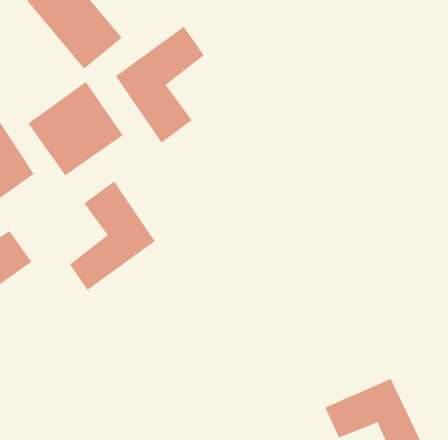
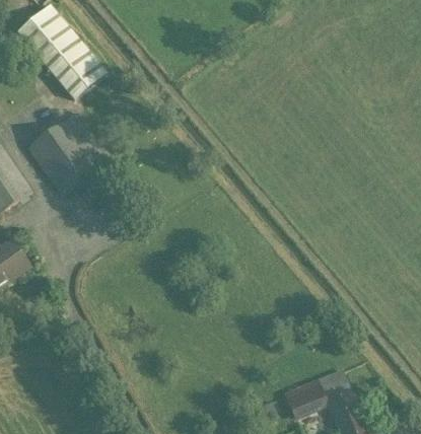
building: [115,26,204,144] -> none
building: [69,181,156,291] -> none

